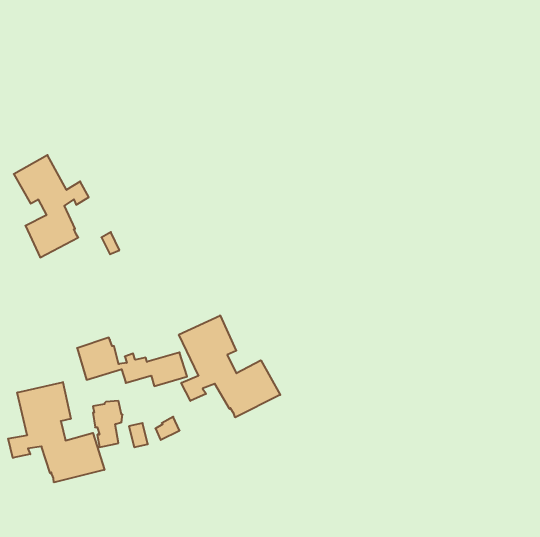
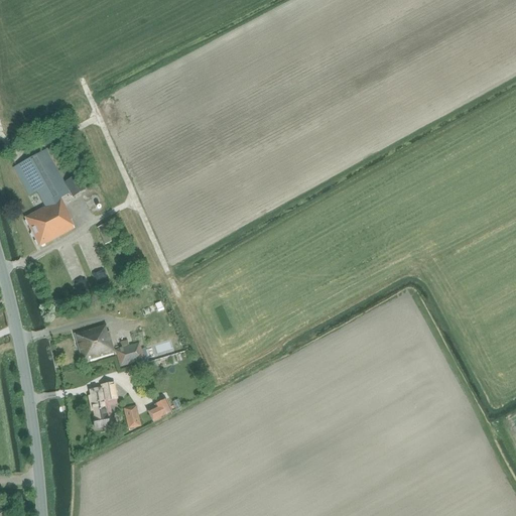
building: [179,315,280,417] -> none
building: [8,382,104,482] -> none

